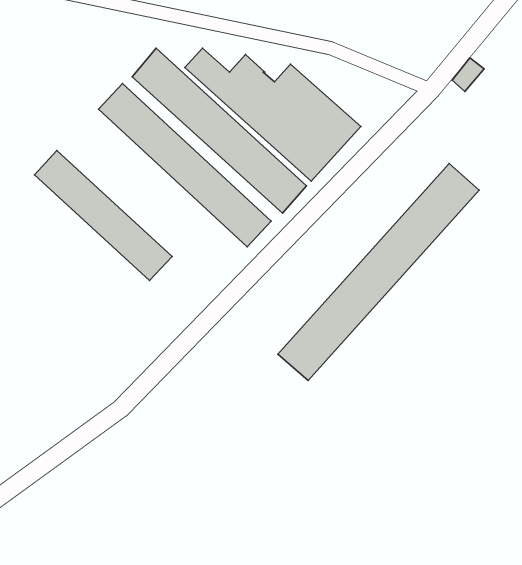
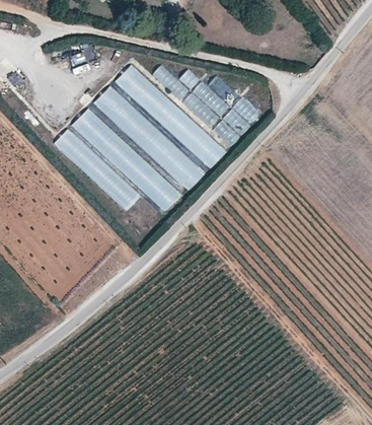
building: none -> [71,107,181,211]
building: [278,164,479,381] -> none

